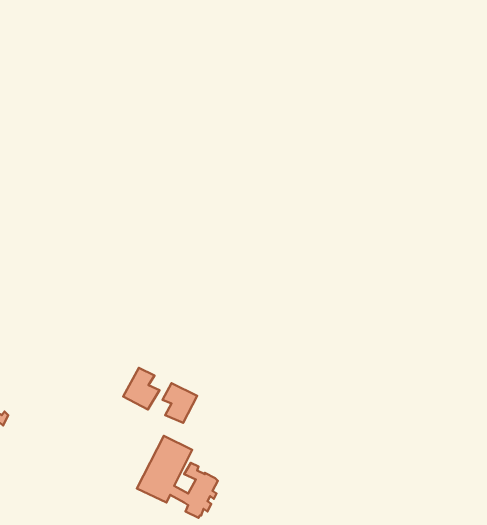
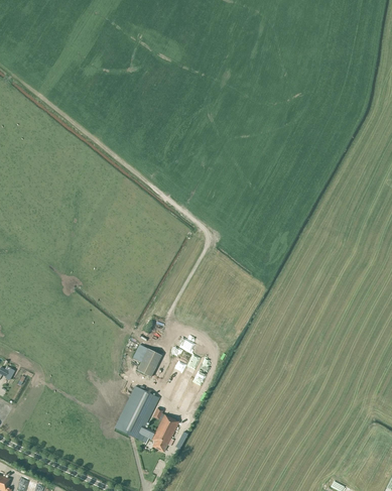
building: [123,368,159,409] -> none

